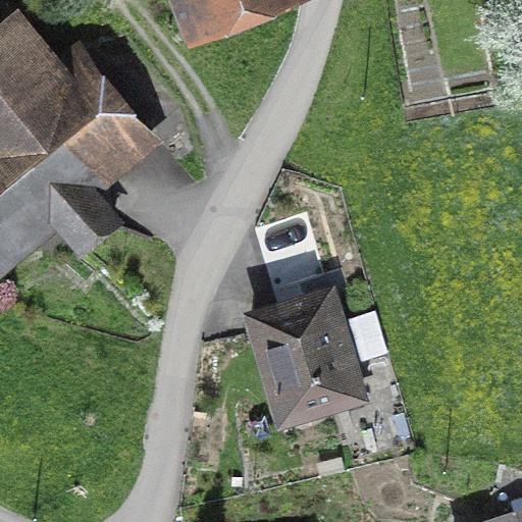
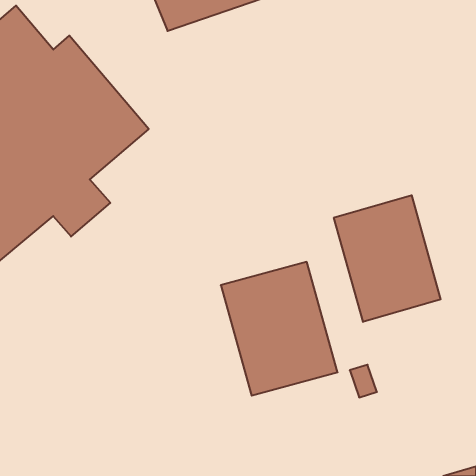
building: none -> [334,195,441,322]

